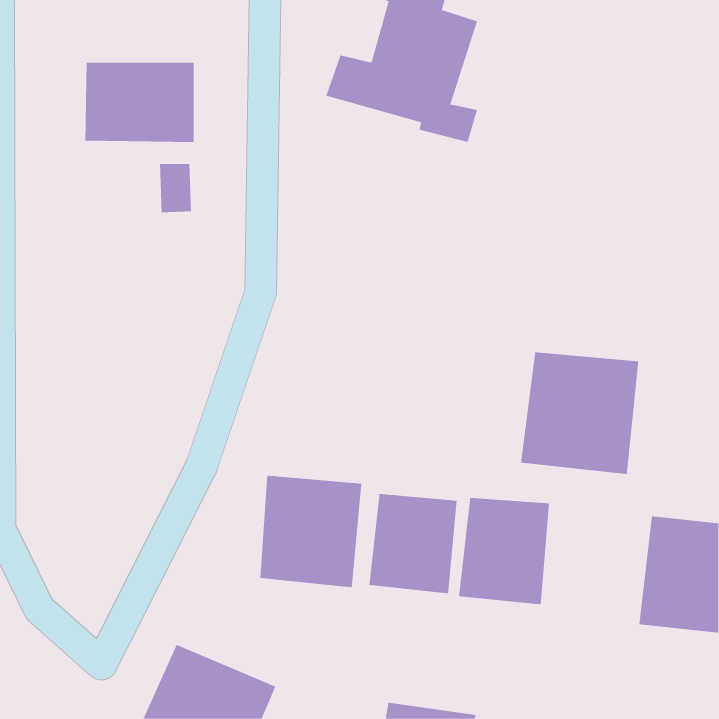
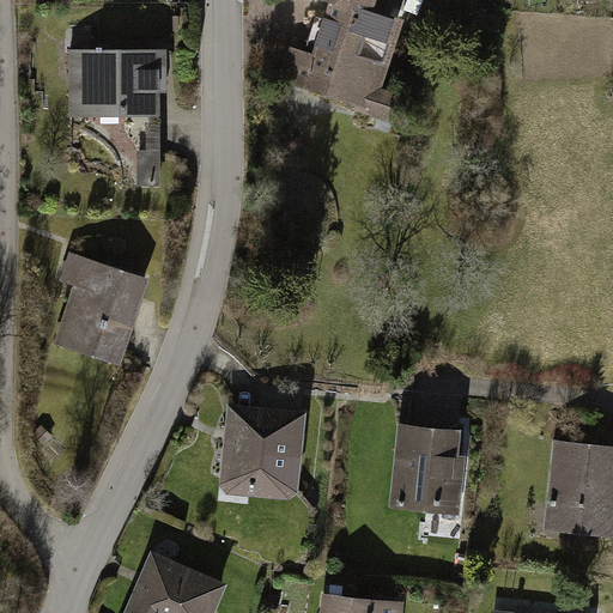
building: none -> [43,256,154,371]
building: [520,352,639,475] -> none
building: [369,493,457,594] -> none

